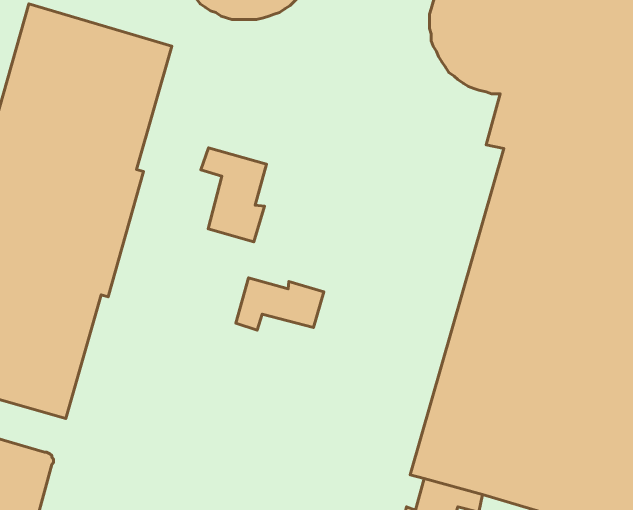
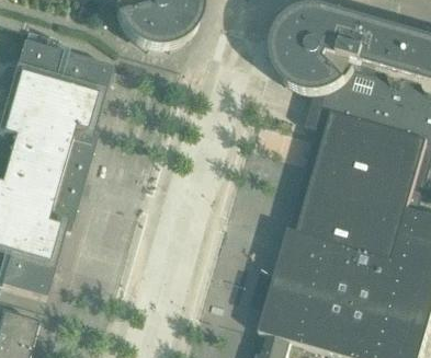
building: [201,148,266,242] -> none
building: [236,278,324,330] -> none

